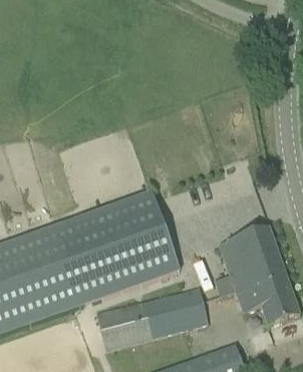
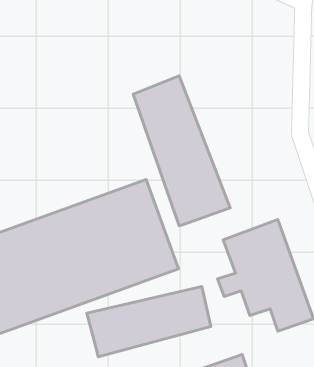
building: none -> [133,76,230,226]

